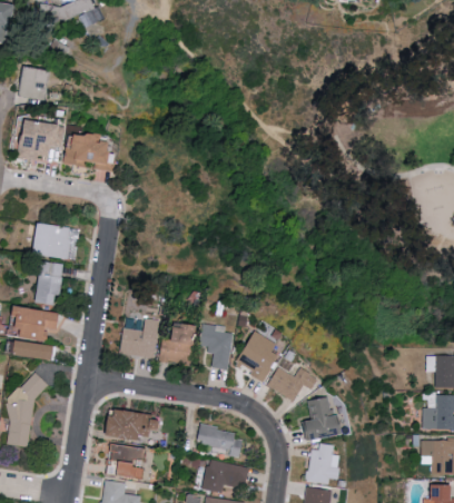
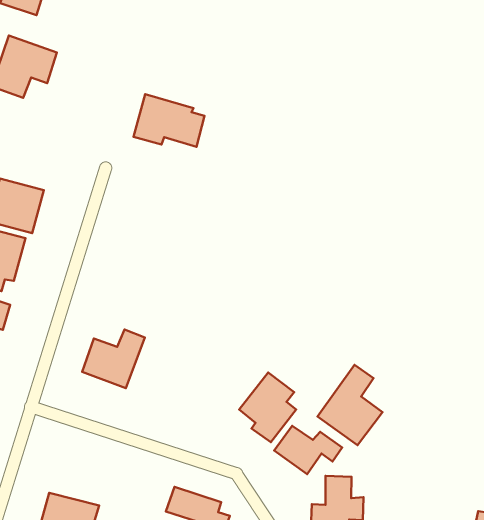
building: [65,131,114,166] -> [134,94,205,147]
building: none -> [317,365,382,445]
building: [160,322,197,364] -> none
building: [201,323,233,369] -> none
building: [110,408,160,441] -> none

